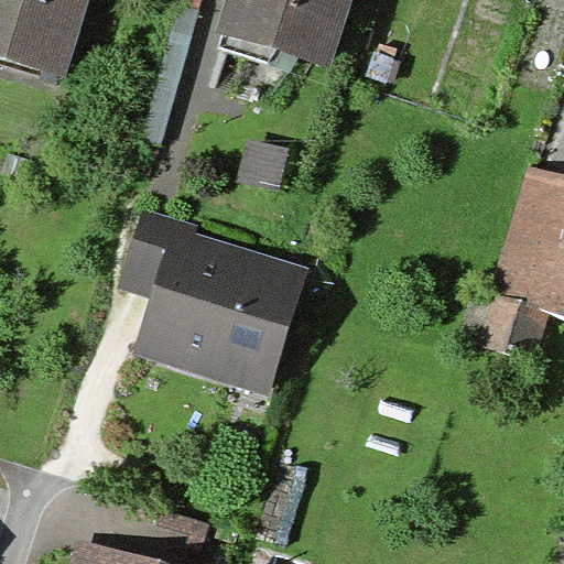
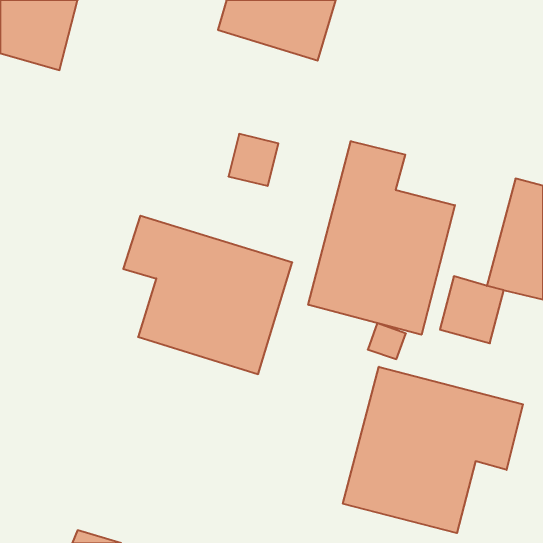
building: none -> [308,141,455,335]
building: none -> [343,367,523,533]

